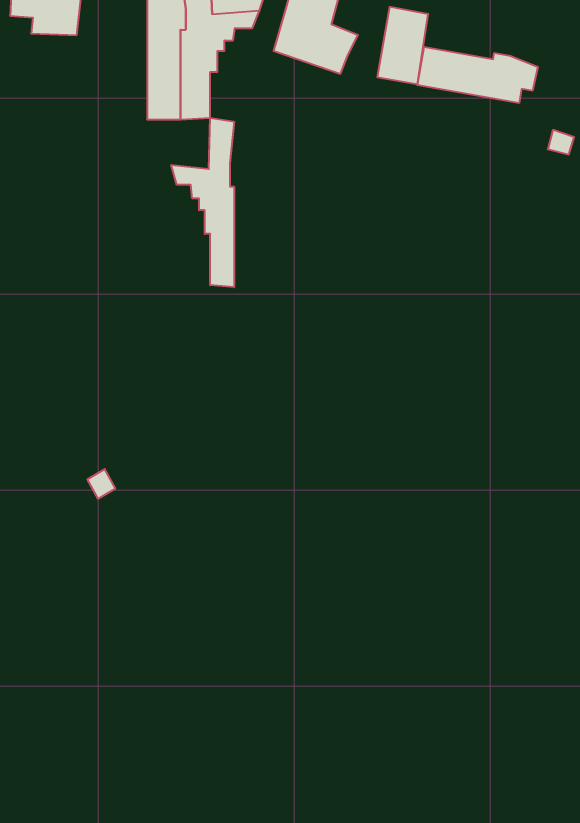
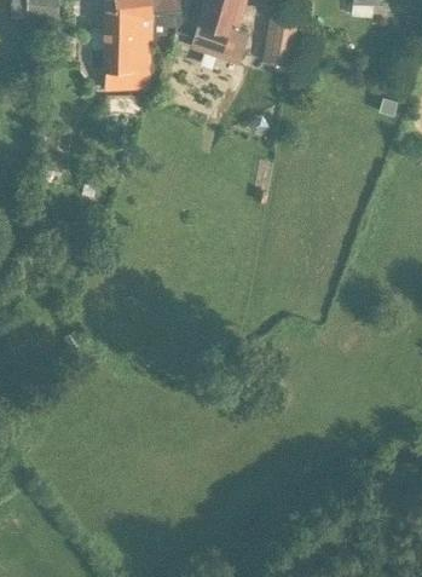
building: [417,47,538,103] -> none
building: [171,118,234,287] -> none

